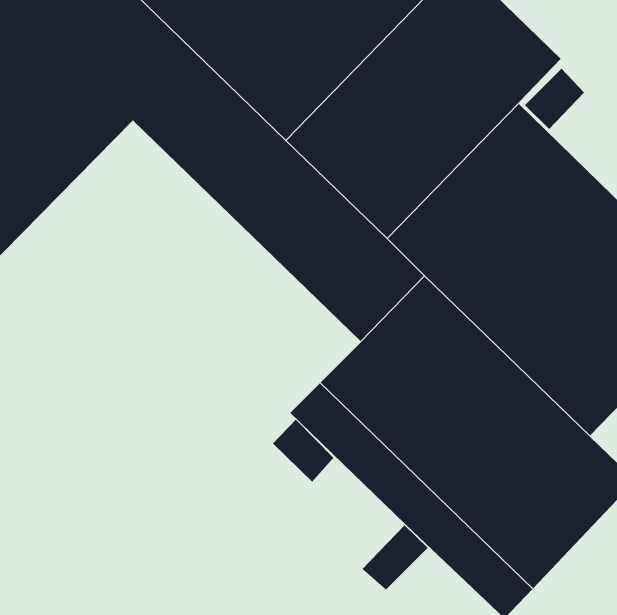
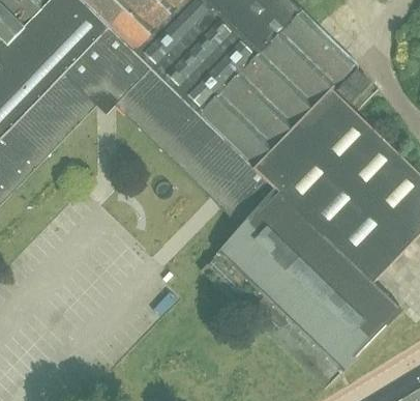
building: [272,419,334,482] -> none
building: [362,525,429,590] -> none

